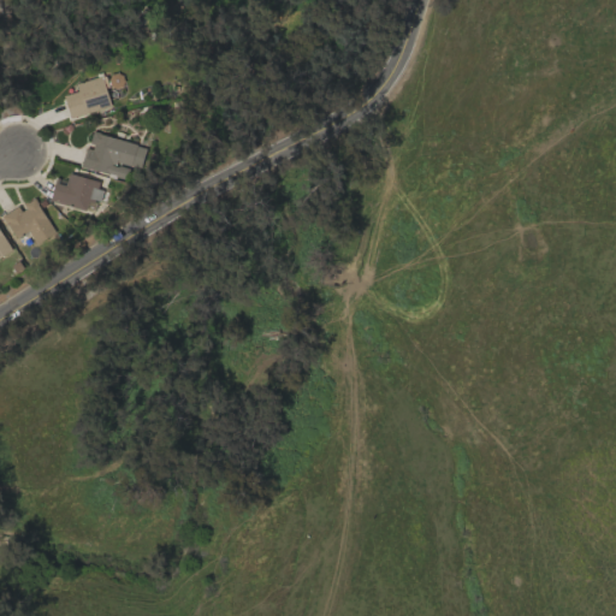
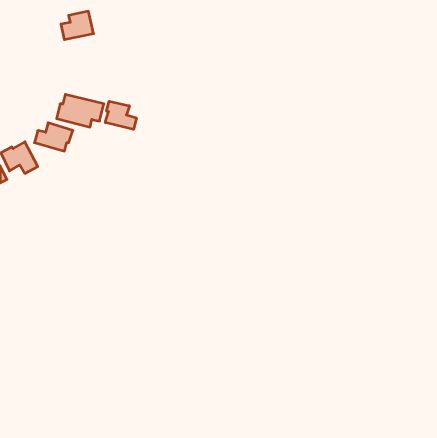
building: [65,77,111,117] -> [61,11,94,40]
building: none -> [105,101,136,129]

